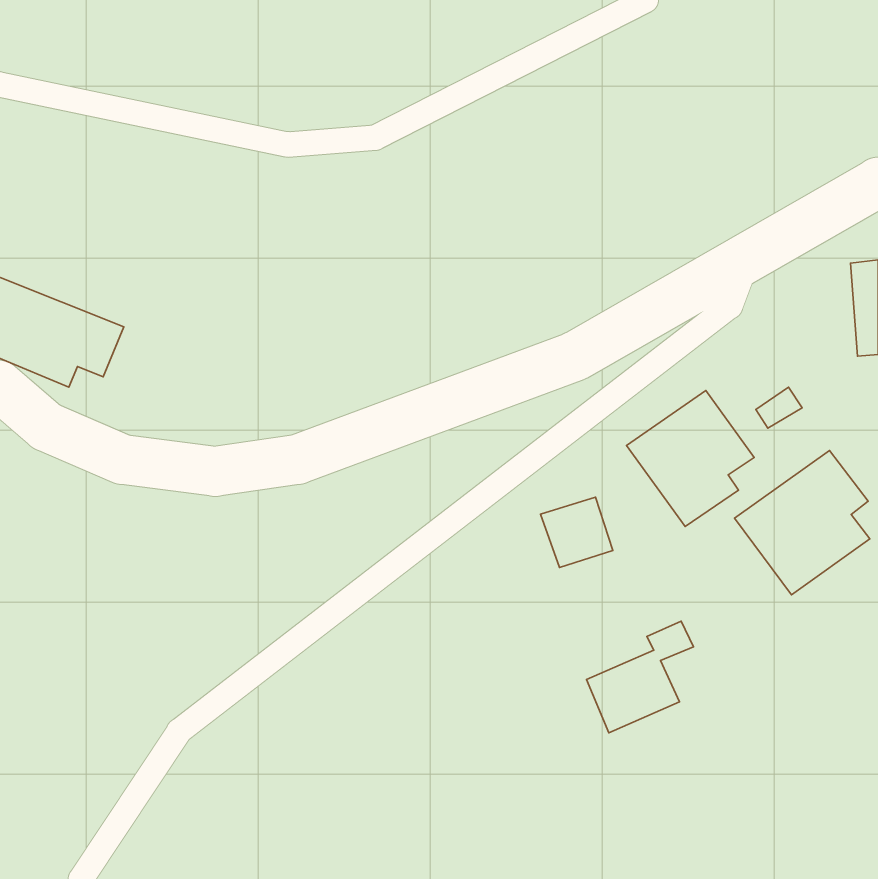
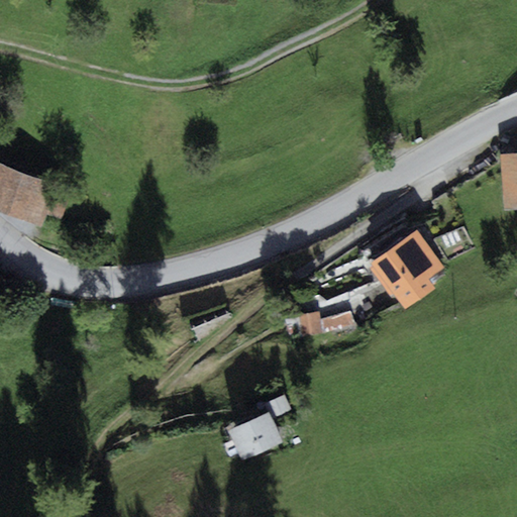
building: [735,451,870,595] -> none
building: [587,621,693,733] -> [227,395,290,460]

